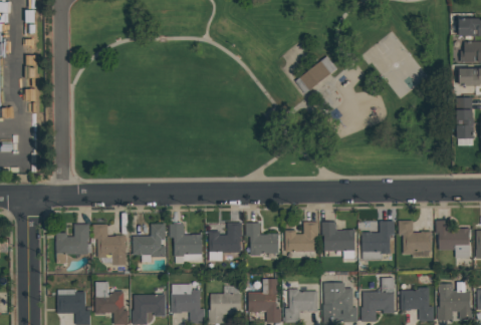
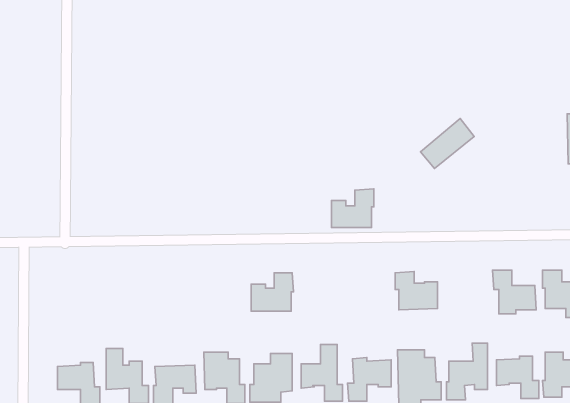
building: [299,55,341,94] -> [420,119,474,169]
building: [285,221,318,251] -> [332,189,374,227]
building: [362,221,394,254] -> none
building: [133,223,166,257] -> none
building: [170,223,202,256] -> none
building: [246,223,278,255] -> none
building: [56,224,89,254] -> none
building: [93,224,127,265] -> none

